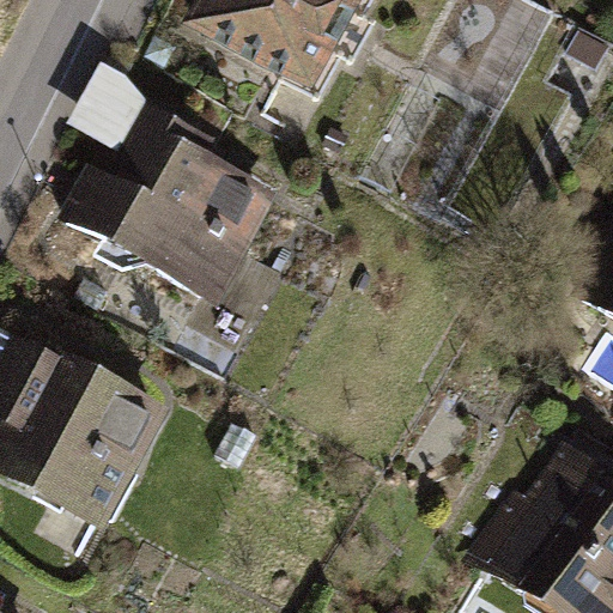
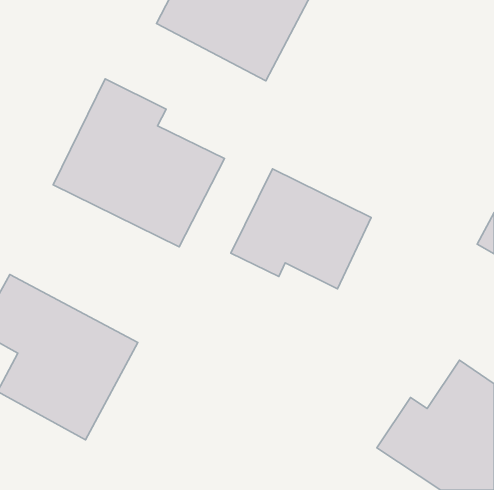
building: none -> [231,169,371,289]

